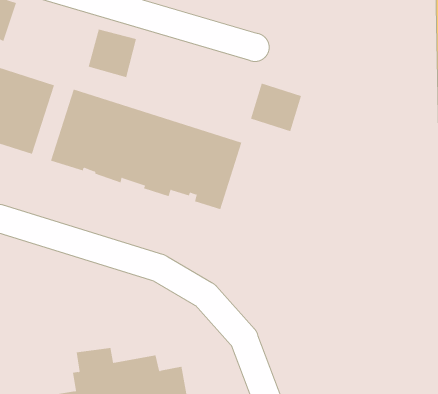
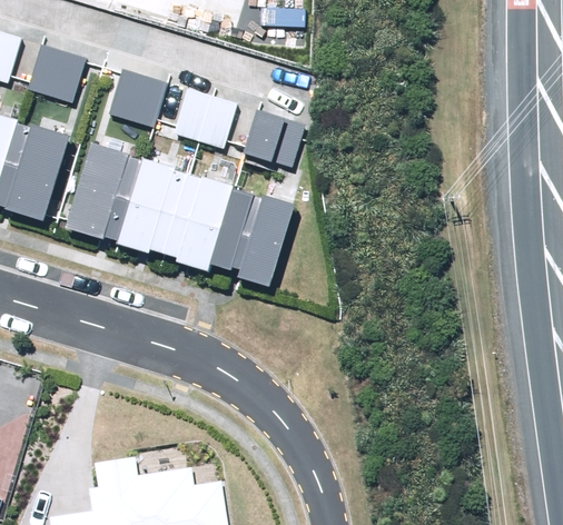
building: none -> [28,46,85,102]
building: none -> [174,89,237,149]
building: [250,83,302,132] -> [241,110,304,169]

